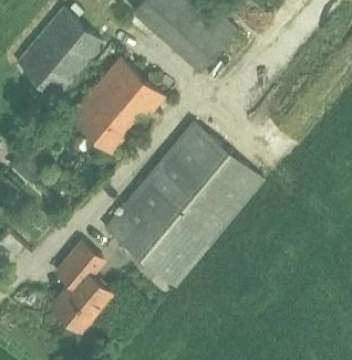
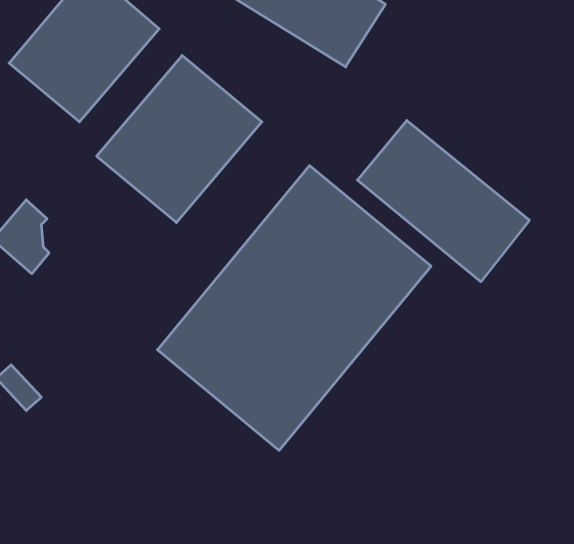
building: none -> [357,120,529,282]
building: [49,243,110,332] -> none

